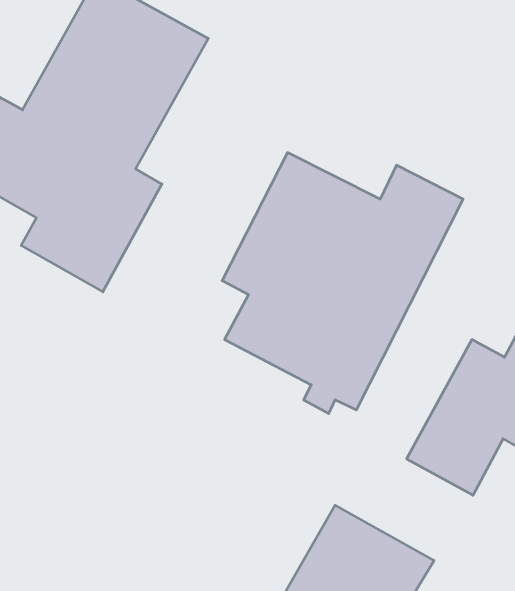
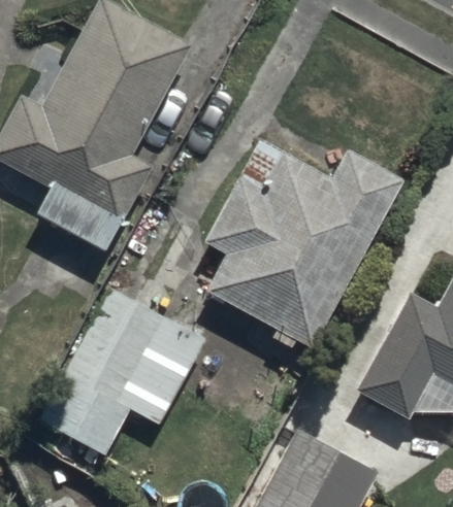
building: none -> [37,289,205,460]

